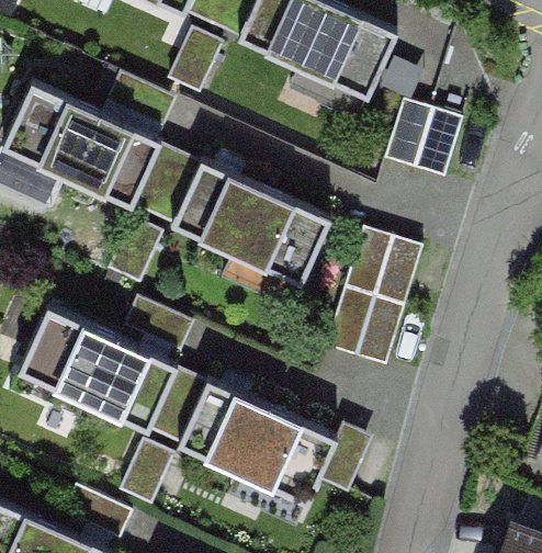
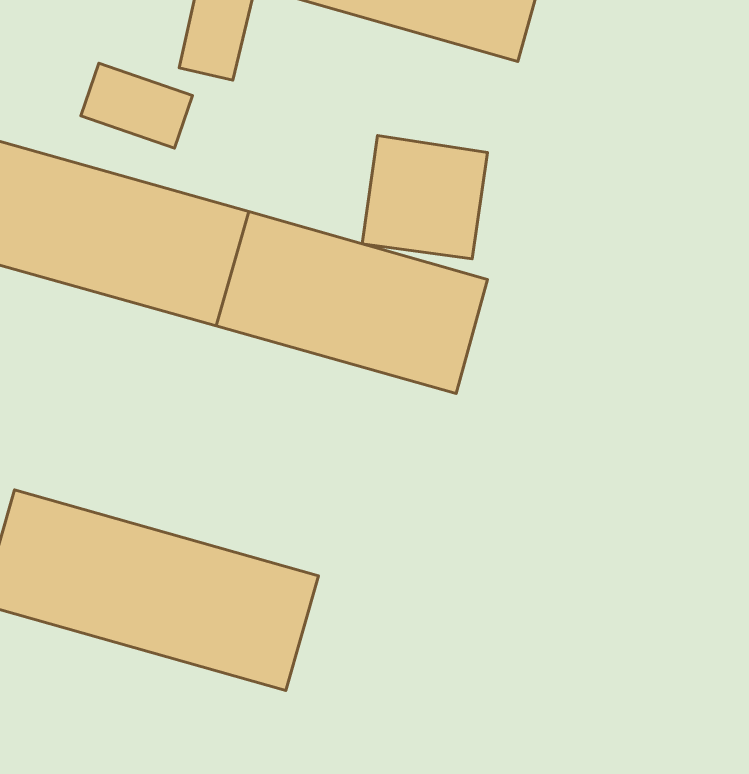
building: [381,97,463,178] -> [362,136,488,259]
building: [326,229,422,366] -> none
building: [180,385,341,510] -> none

